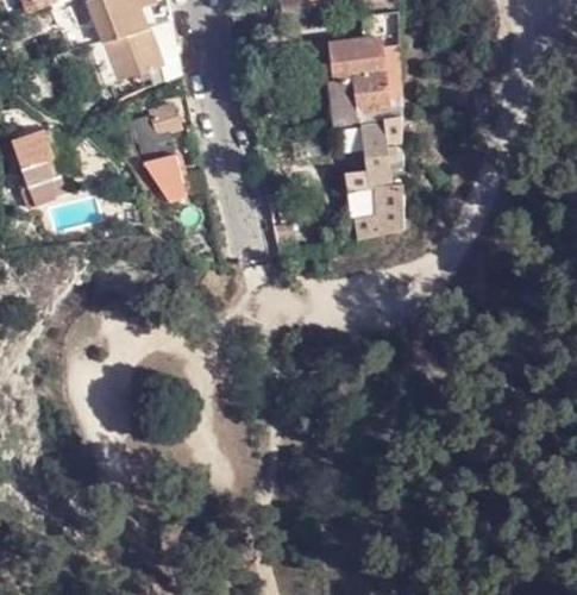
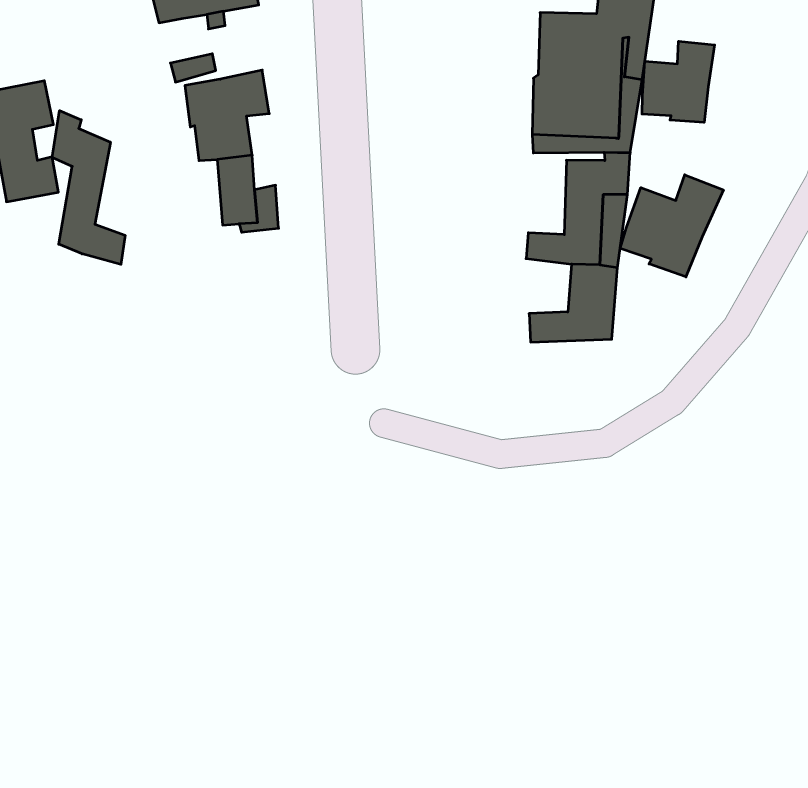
building: none -> [642,41,715,122]
building: none -> [620,175,723,277]
building: none -> [52,111,125,264]

